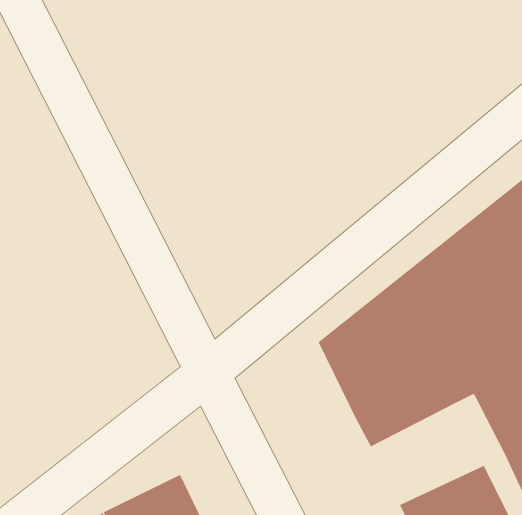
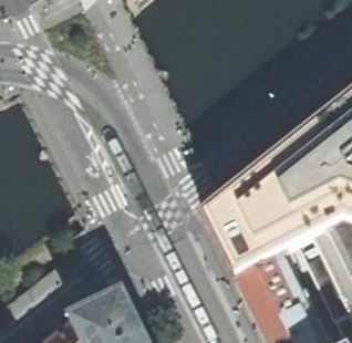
building: none -> [237,256,307,318]

